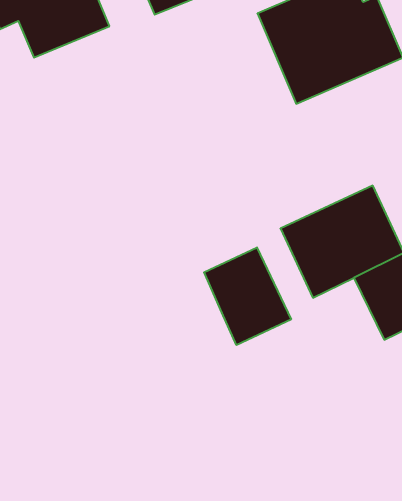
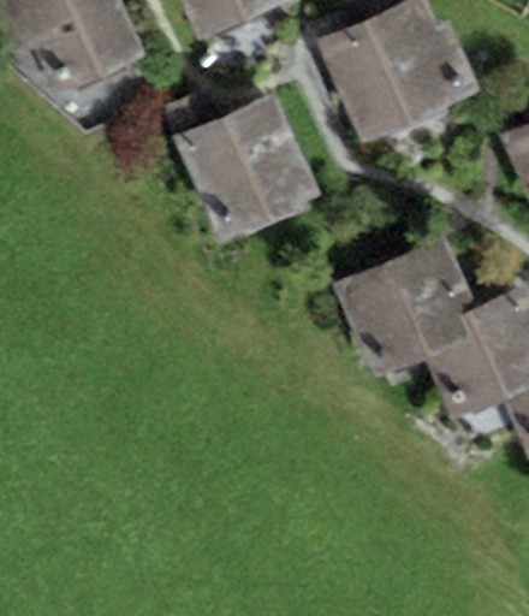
building: none -> [162,96,322,248]
building: [204,247,291,345] -> none

